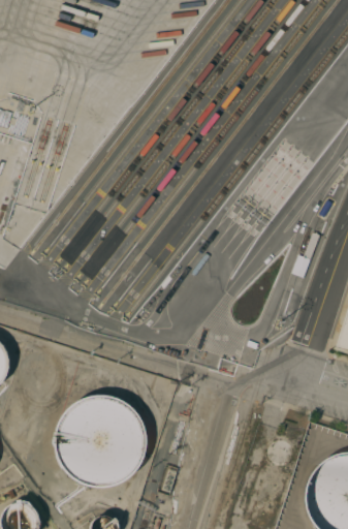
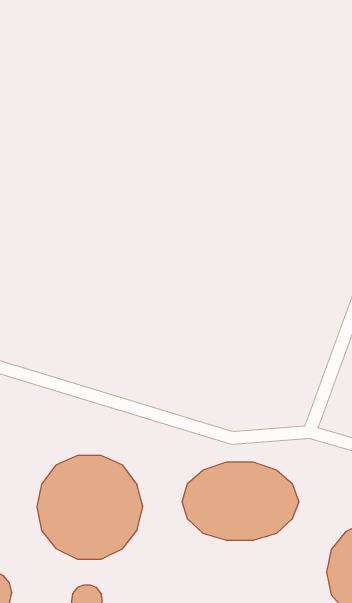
building: none -> [182,462,299,541]

